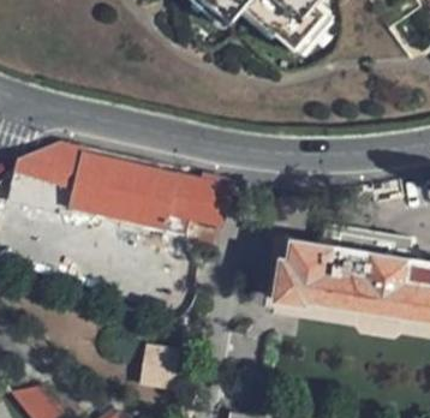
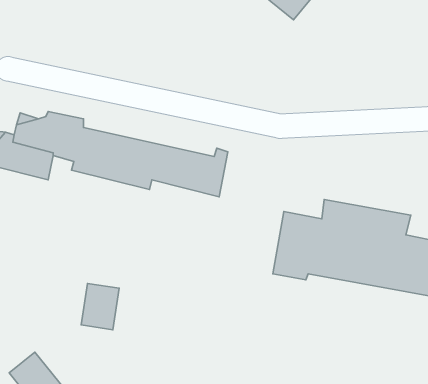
building: [139,344,177,389] -> [81,283,119,330]

